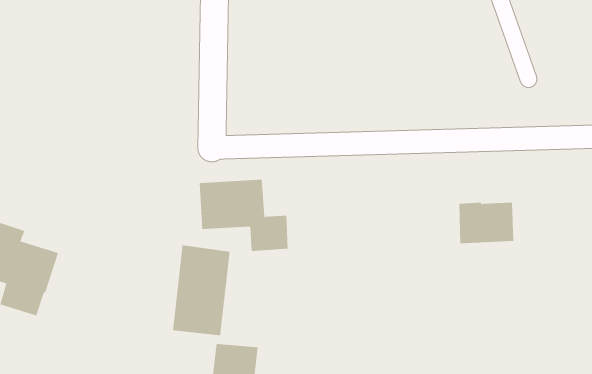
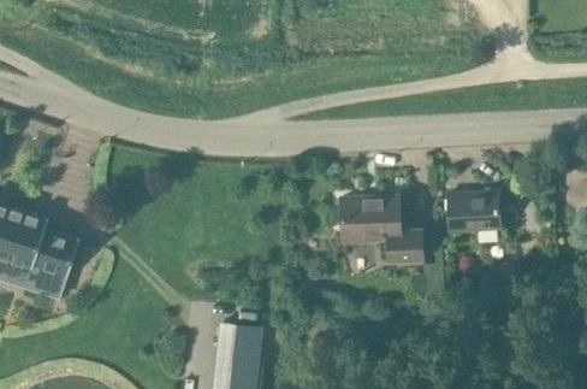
building: [199,179,288,252] -> [339,195,422,263]
building: [172,245,230,336] -> none

